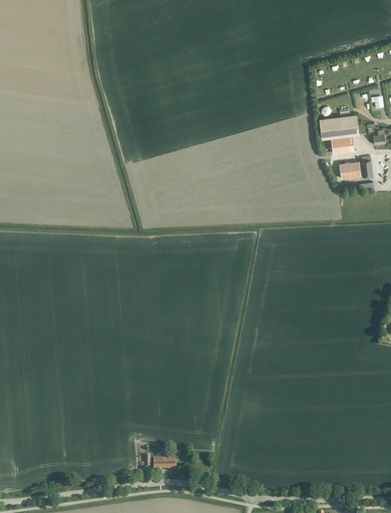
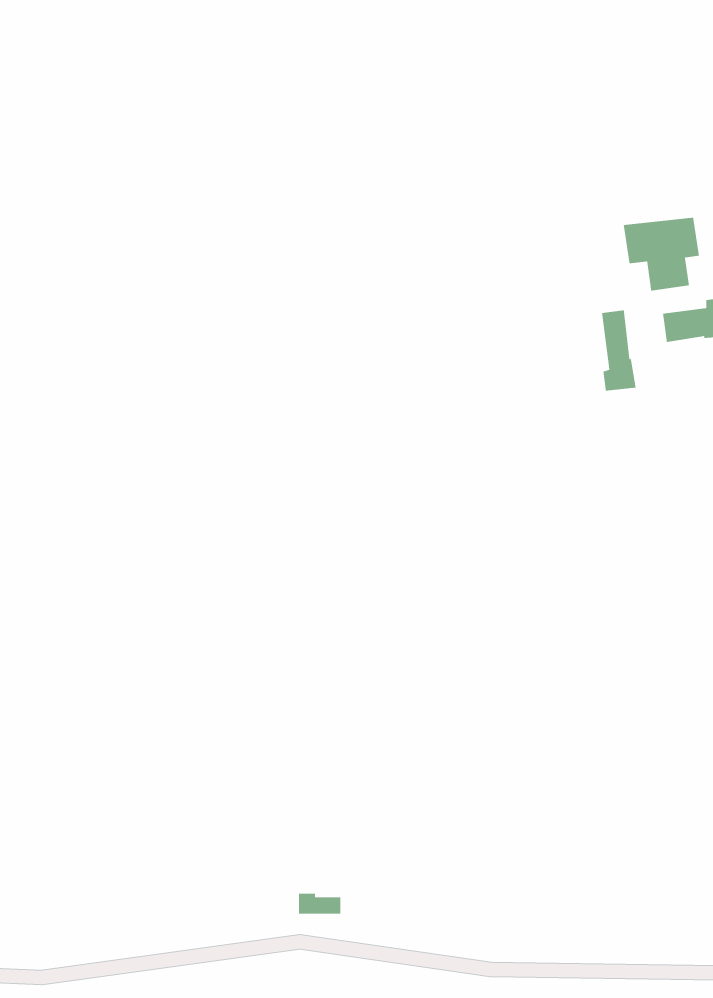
building: none -> [601,310,637,392]

